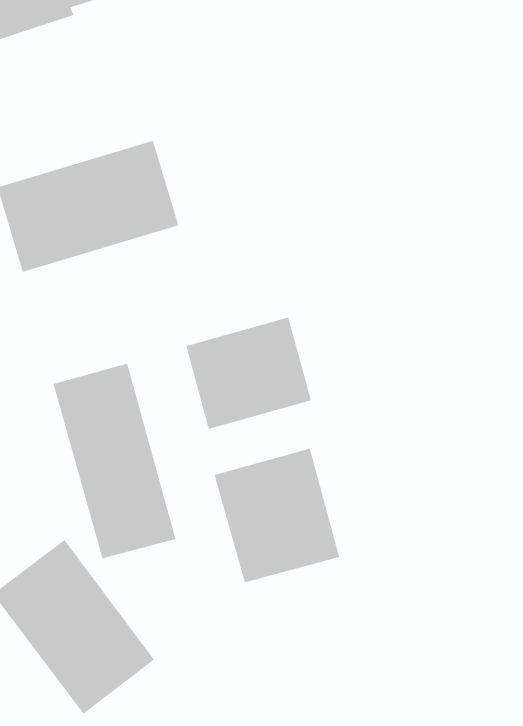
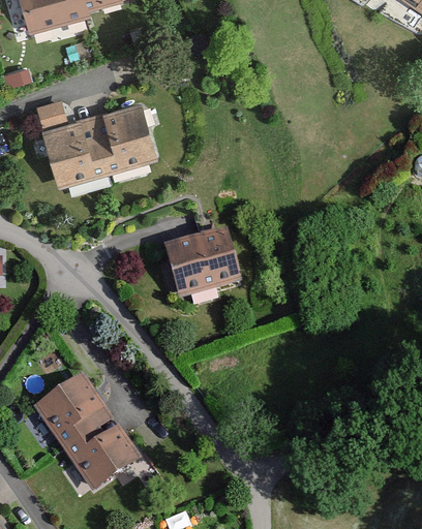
building: [53,363,176,559] -> none
building: [214,448,340,583] -> none

